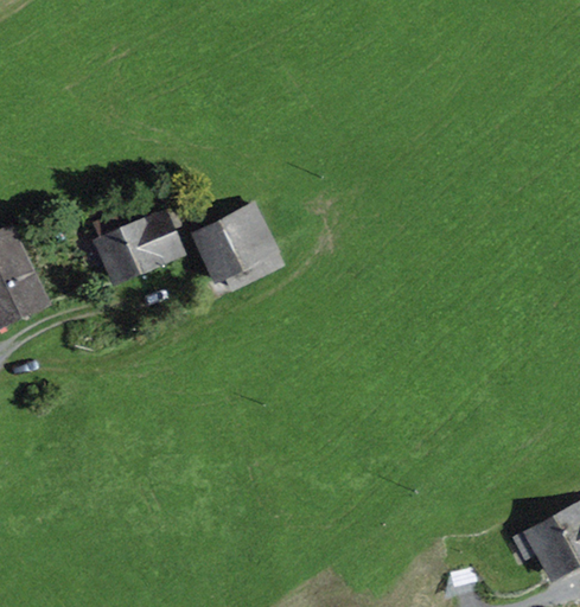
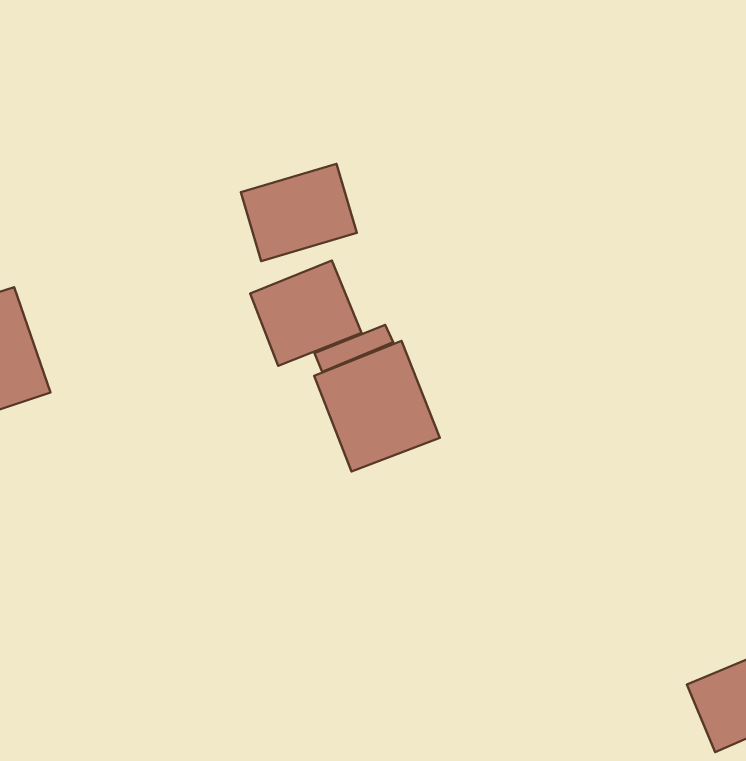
building: [94,209,181,282] -> [241,164,357,261]
building: none -> [314,341,440,471]

